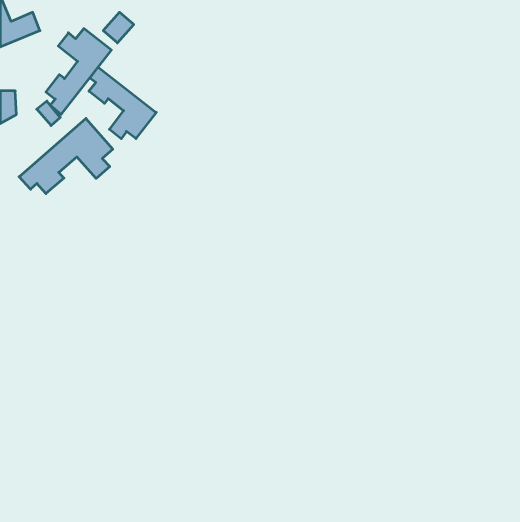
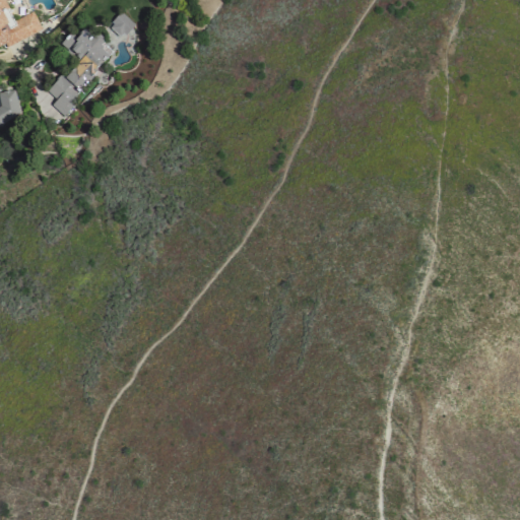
building: [89,67,156,139] -> none
building: [19,118,113,194] -> none

